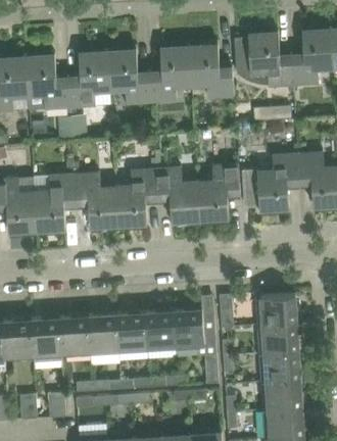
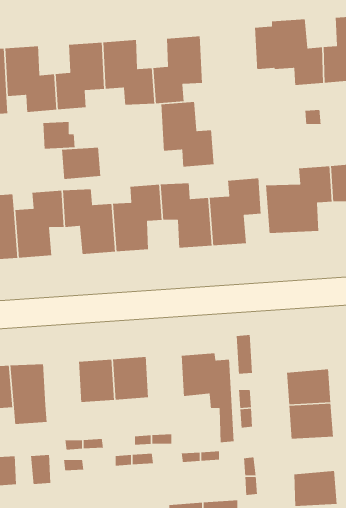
building: [190,44,235,99] -> [161,101,214,167]
building: none -> [61,147,101,180]
building: [259,295,297,327] -> none
building: [145,312,176,348] -> none
building: [59,317,90,354] -> none
building: [266,381,302,411] -> none

